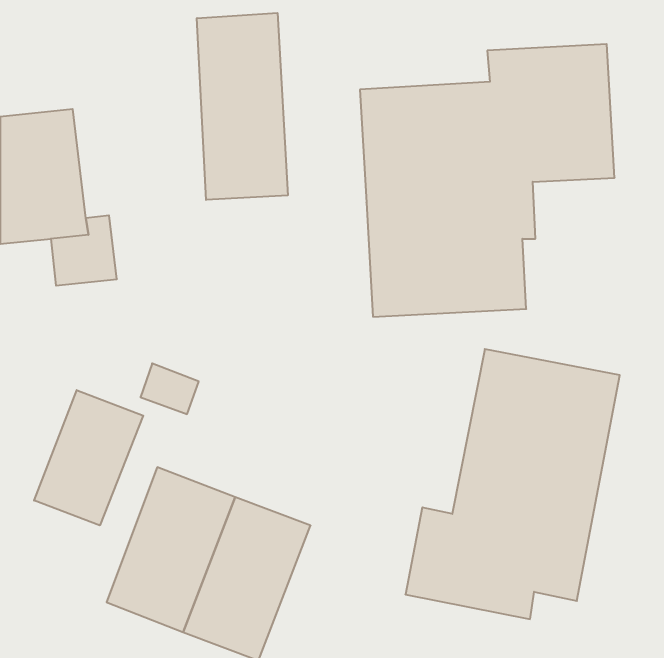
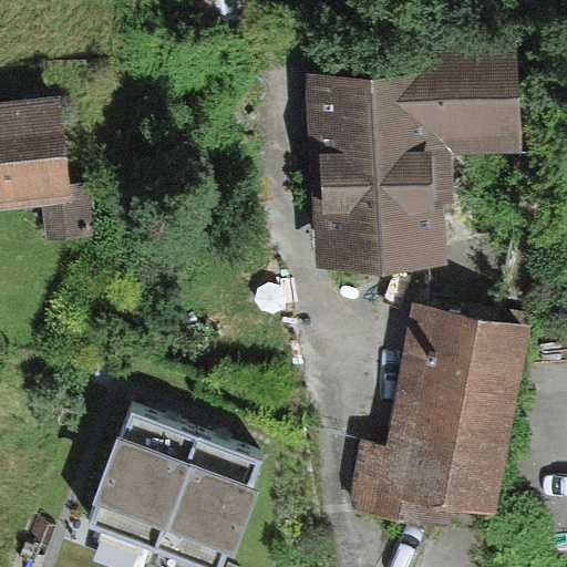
building: [197,13,288,200] -> none
building: [34,390,143,525] -> none

